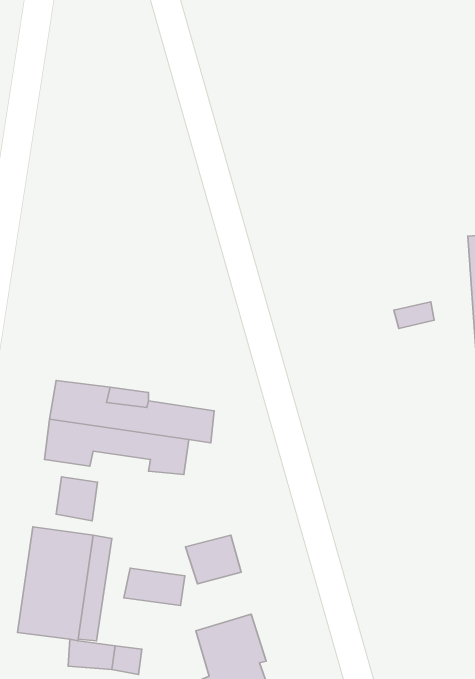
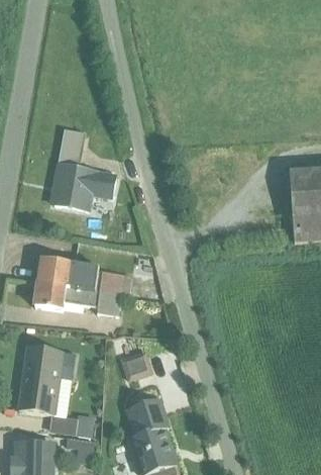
building: none -> [54,129,115,210]
building: [56,477,97,521] -> none
building: [124,568,185,606] -> none

